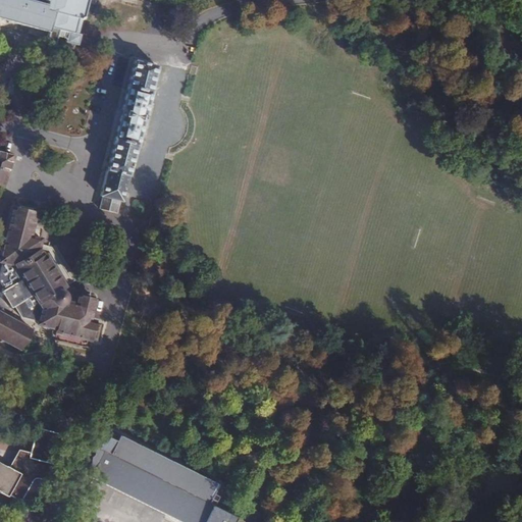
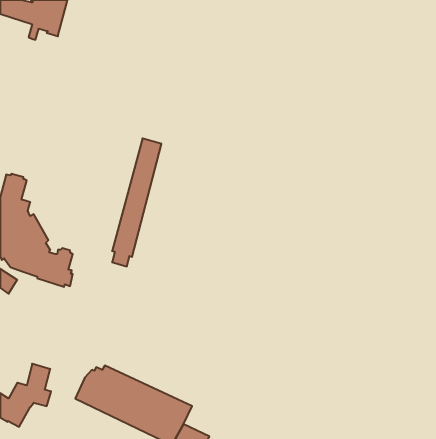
building: [99,59,157,210] -> [112,138,161,266]

